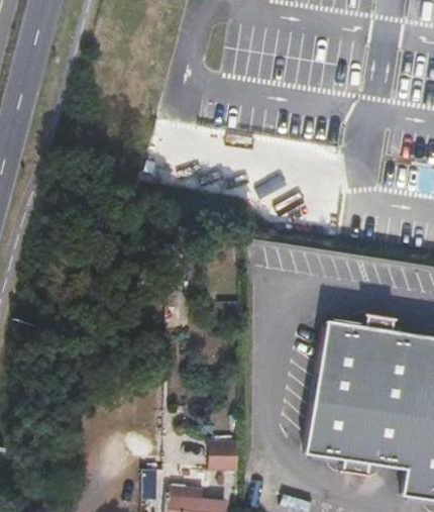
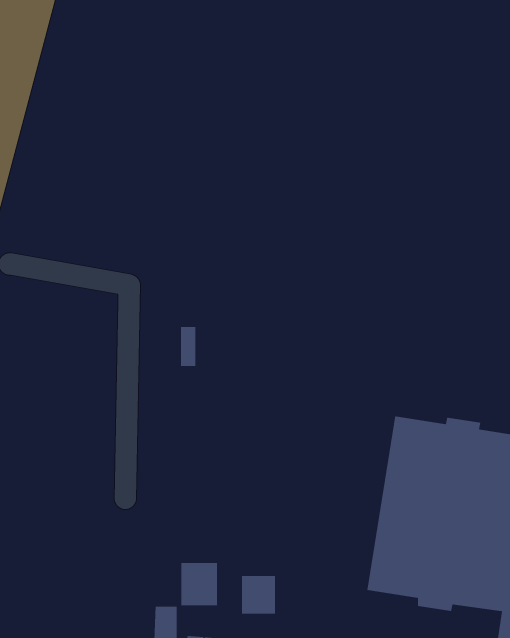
building: none -> [181,562,218,606]

